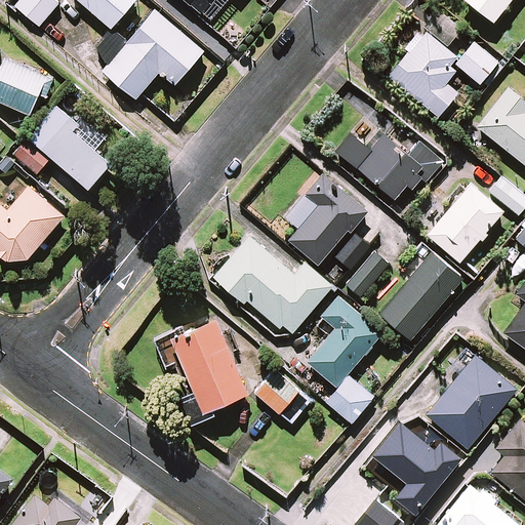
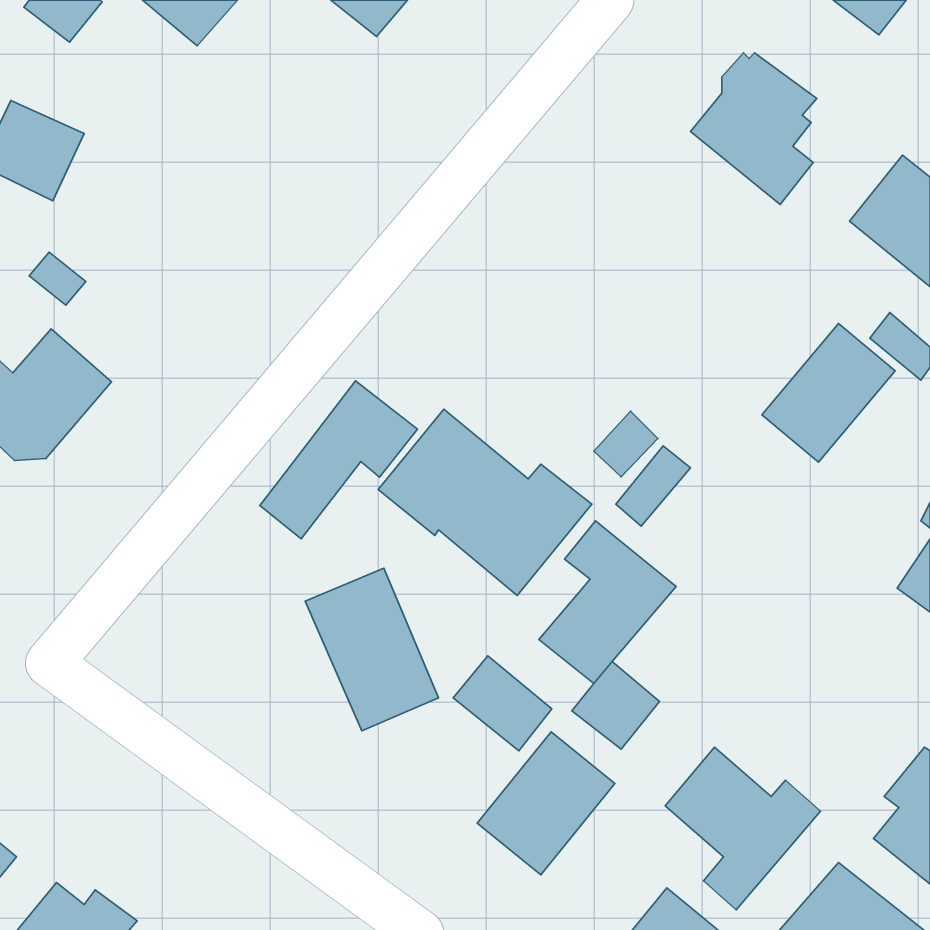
building: [93,10,203,99] -> none
building: [455,43,497,84] -> none
building: [40,106,111,189] -> none
building: [336,130,442,199] -> none
building: [288,175,367,265] -> none
building: none -> [260,381,417,539]
building: [379,252,461,338] -> none
building: [426,349,517,449] -> none
building: none -> [477,732,615,875]

